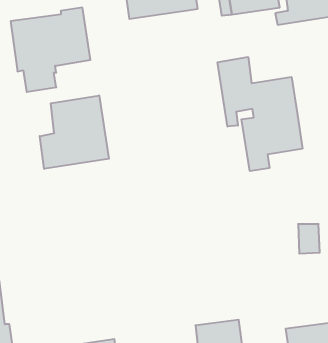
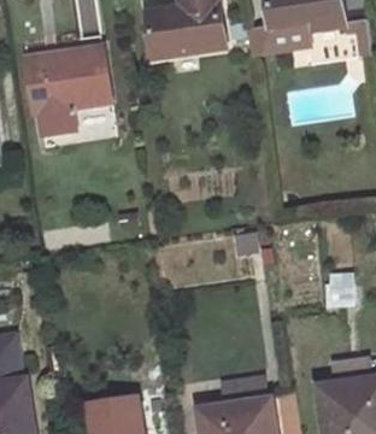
building: [218,57,302,171] -> none
building: [40,95,109,169] -> none

